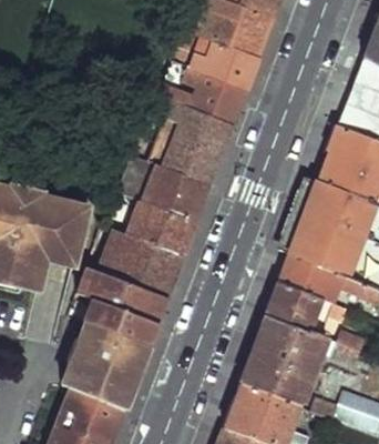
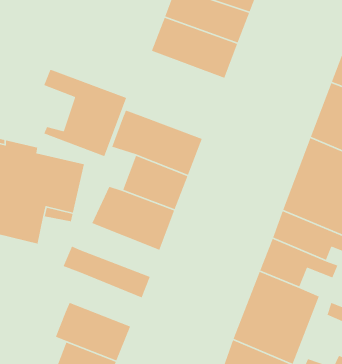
building: [148,93,233,182] -> [43,69,127,157]
building: [85,265,167,321] -> none
building: [76,317,150,371] -> none

